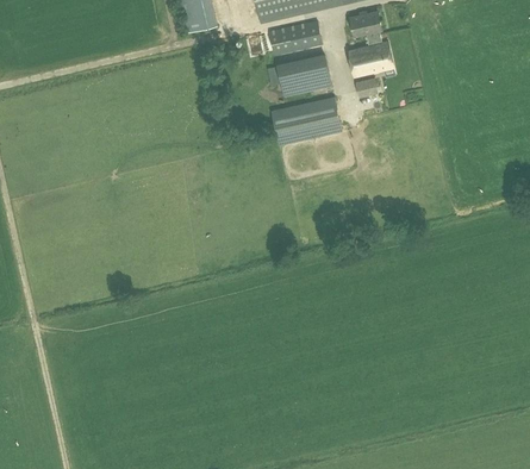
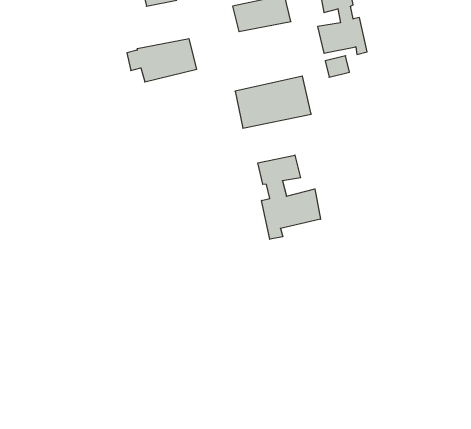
building: [267,54,332,94] -> [127,39,197,82]
building: none -> [258,155,321,239]

